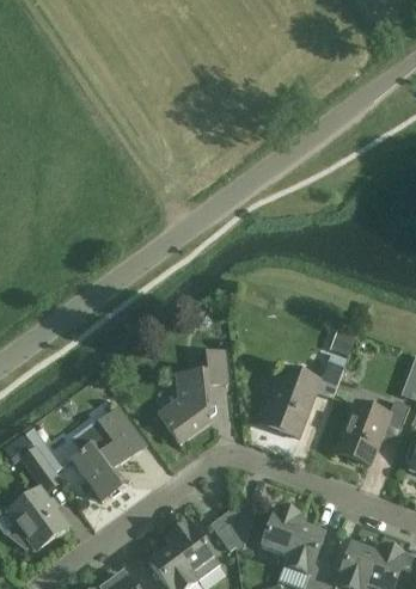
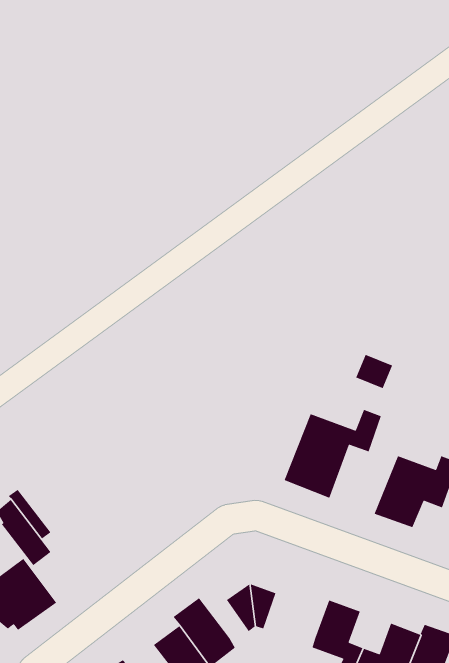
building: [157,351,226,440] -> none
building: [71,391,146,501] -> none
building: [261,505,302,557] -> none

